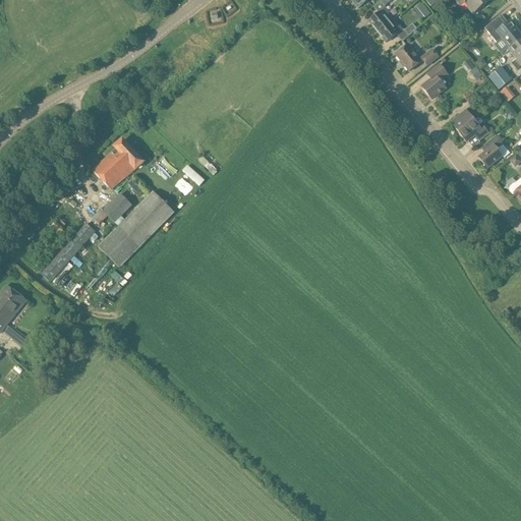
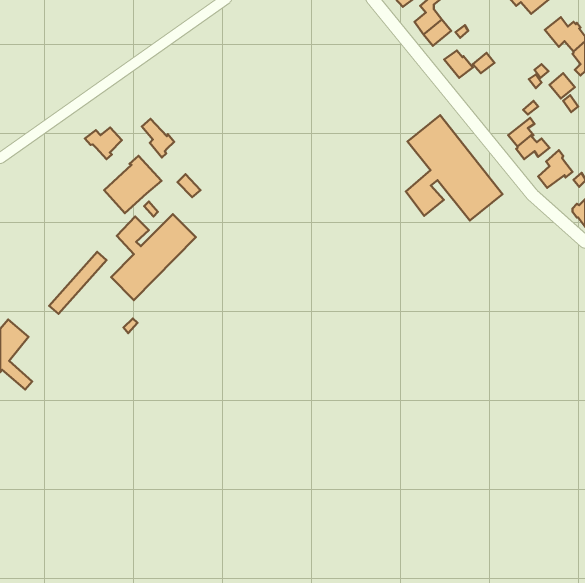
building: [422,63,448,98] -> none
building: none -> [406,115,503,220]
building: none -> [142,119,174,157]
building: none -> [85,128,122,159]

